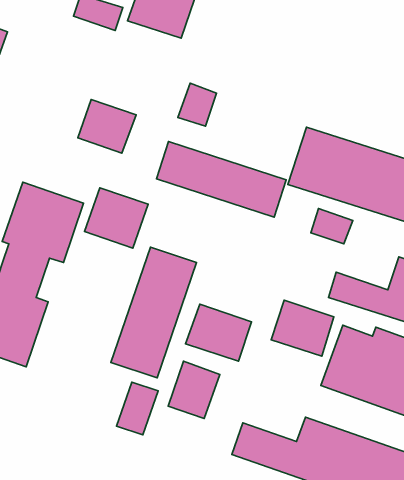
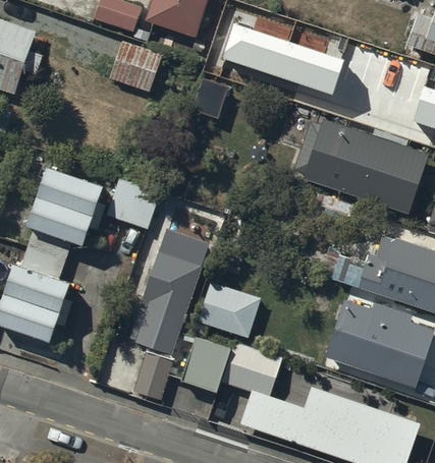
building: [78,99,136,153] -> [109,41,163,91]
building: [156,142,286,217] -> [223,24,343,95]
building: [271,300,334,356] -> [224,342,282,394]

